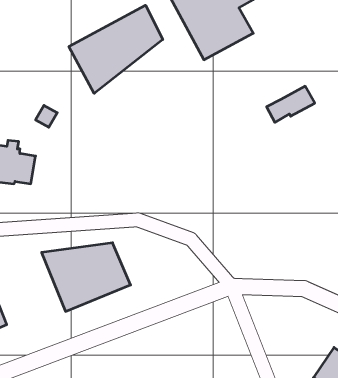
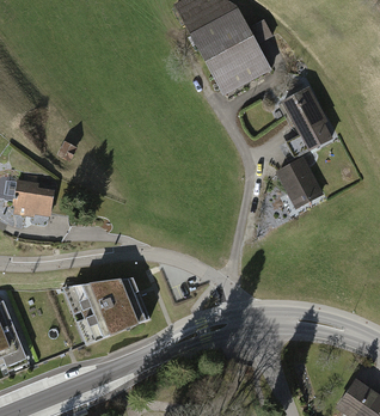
building: [69,5,163,93] -> none
building: none -> [280,85,326,134]
building: none -> [275,157,323,208]

